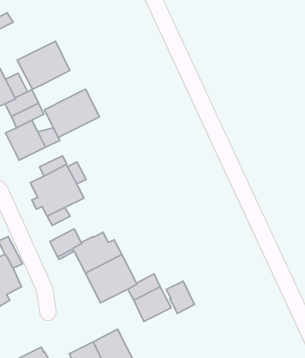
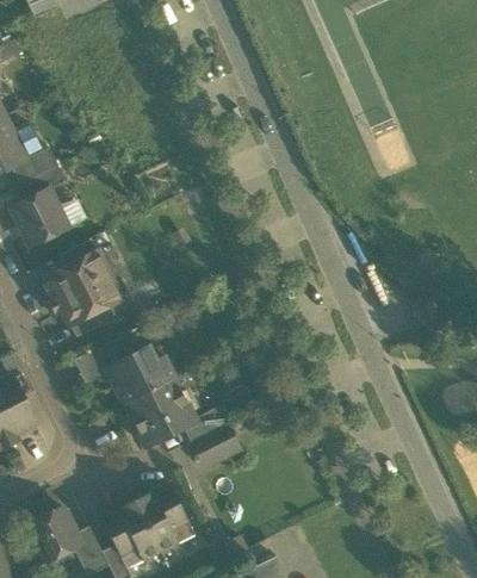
building: [17,41,70,89] -> none
building: [44,89,99,137] -> none
building: [166,281,195,313] -> none

